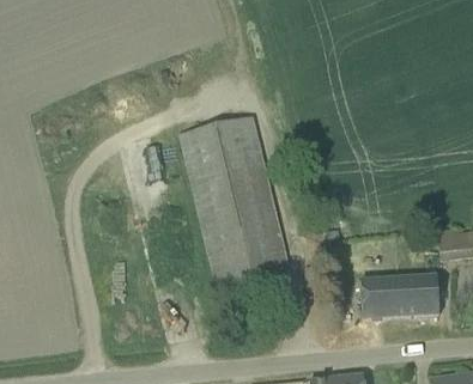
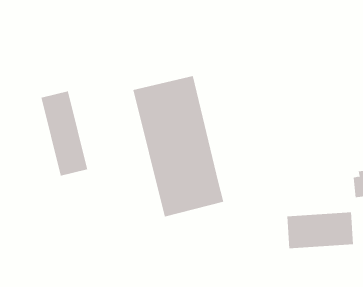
building: none -> [41,90,88,177]

